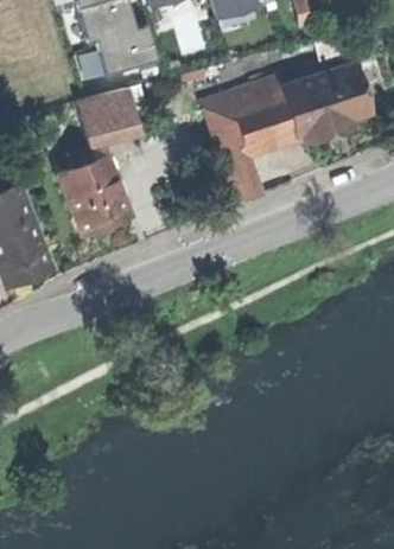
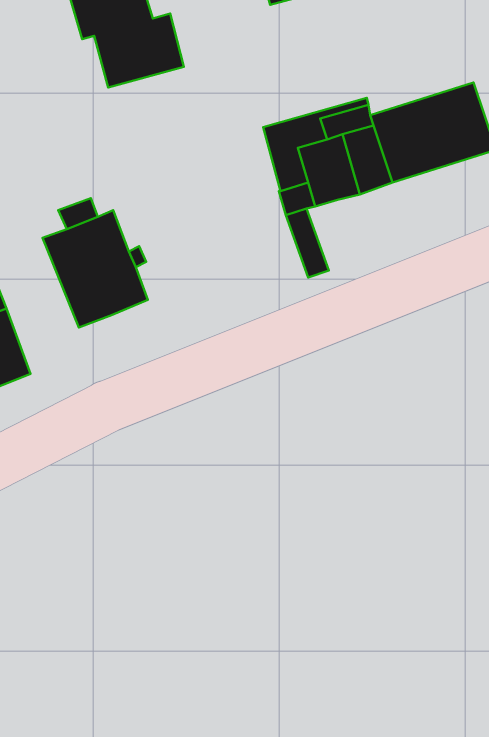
building: [78,89,139,136] -> none

